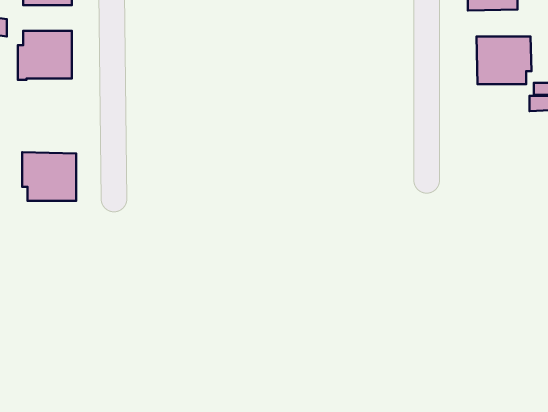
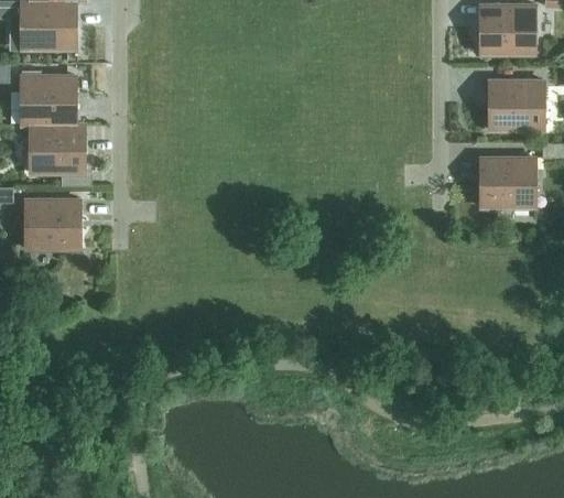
building: none -> [29,123,84,172]
building: none -> [479,158,534,206]

